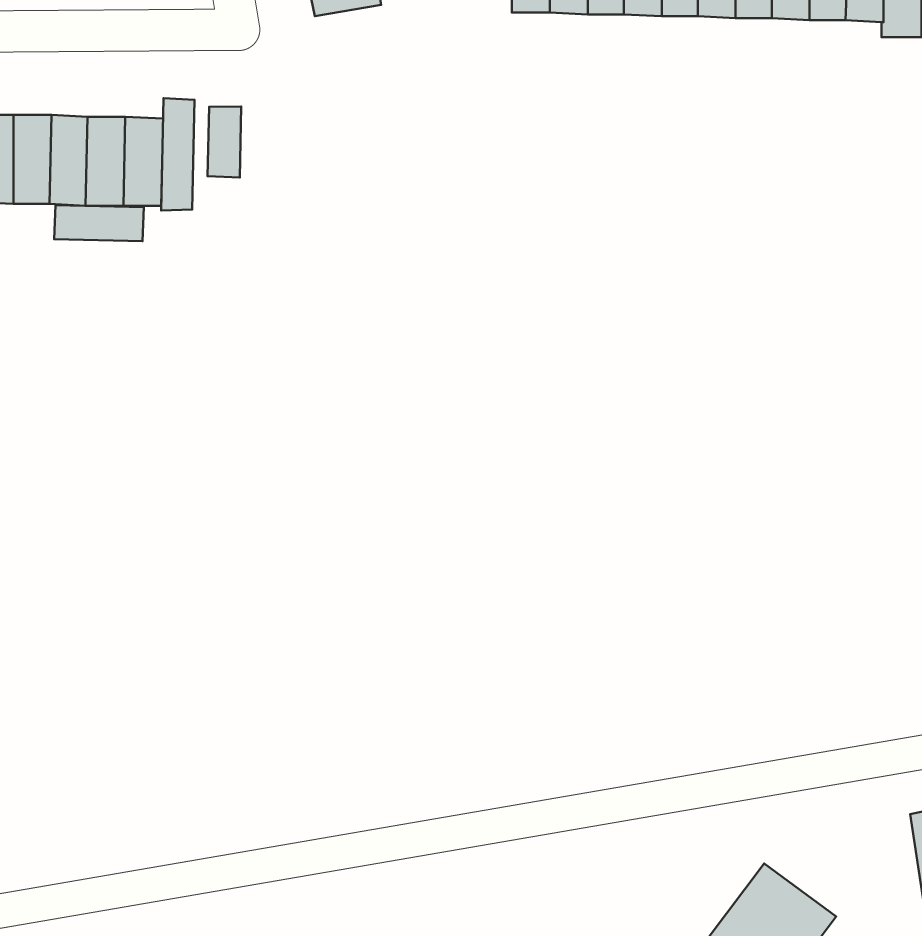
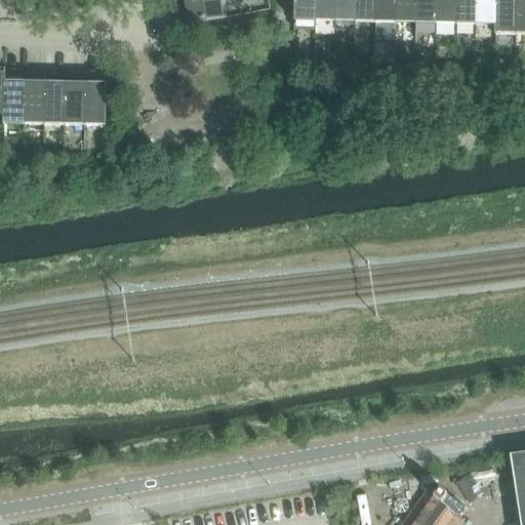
building: [161,98,195,210] -> none
building: [208,107,241,177] -> none
building: [54,205,144,241] -> none

